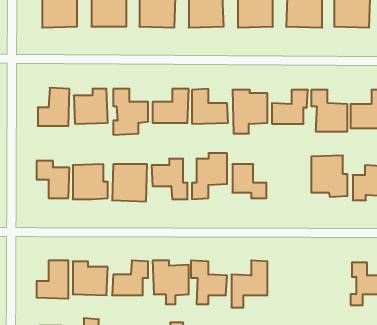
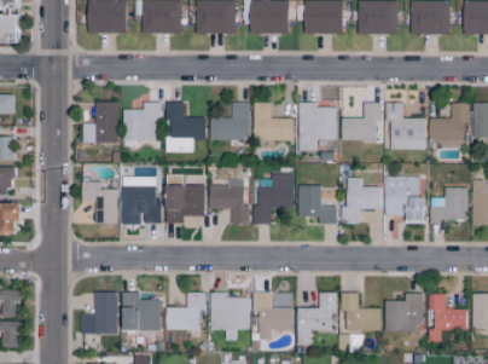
building: none -> [342,178,380,224]
building: none -> [341,293,380,330]
building: none -> [385,293,423,331]

